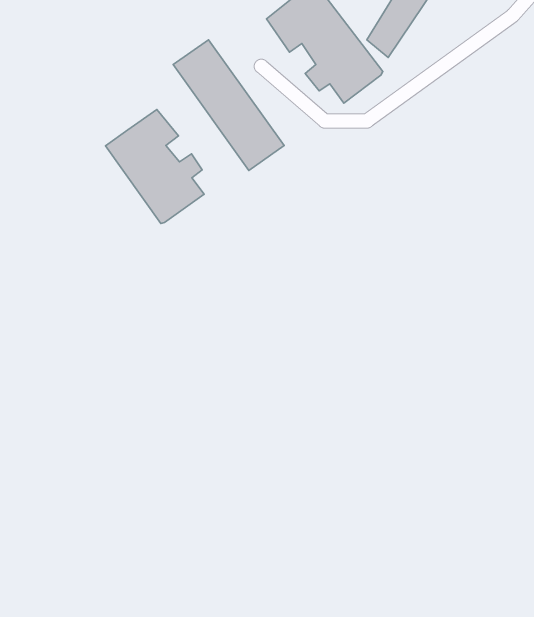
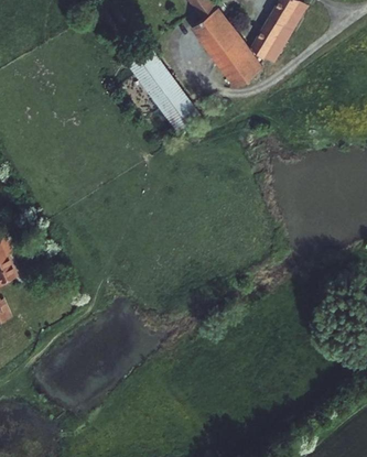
building: [105,110,204,223] -> none

